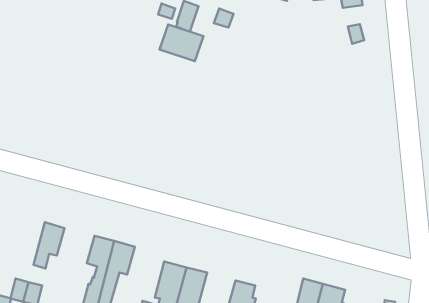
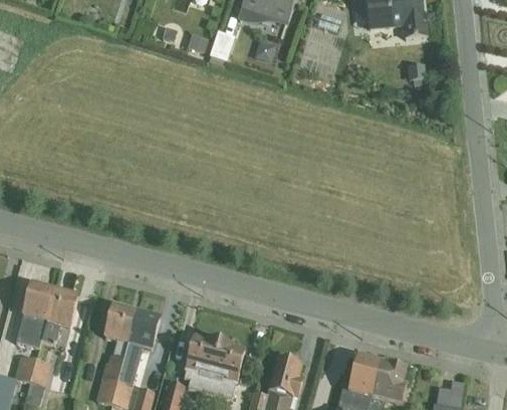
building: [160,25,203,61] -> none
building: none -> [17,282,55,346]

